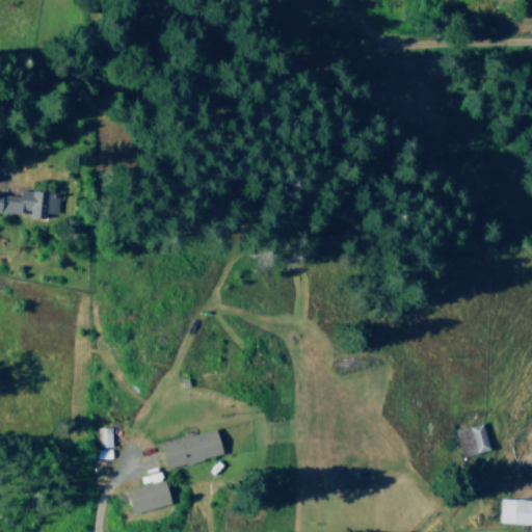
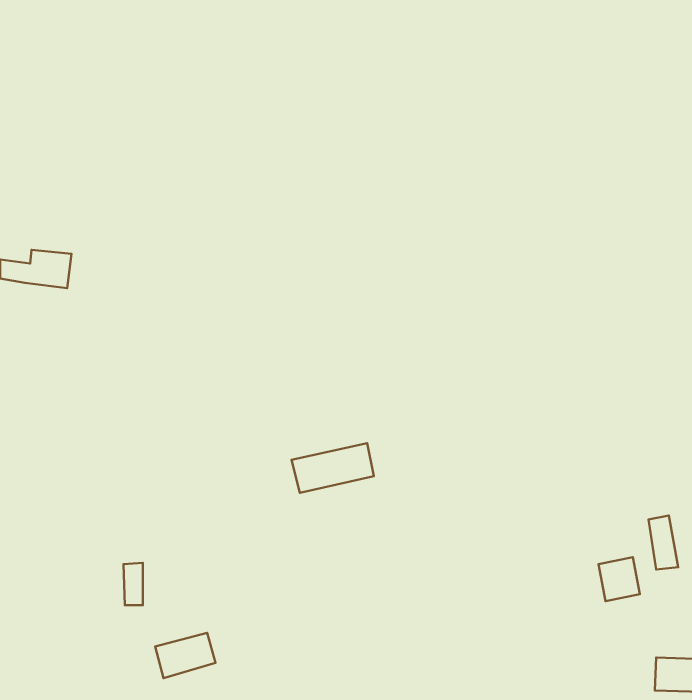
building: none -> [648,516,678,570]
building: [160,430,222,468] -> [292,443,374,493]

